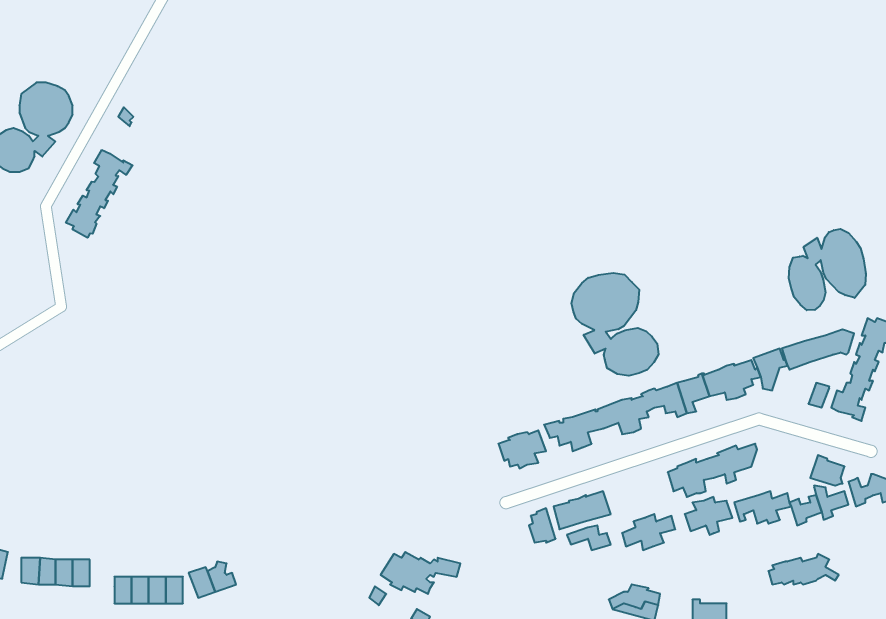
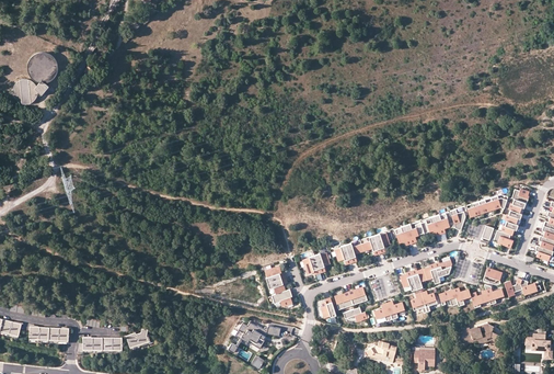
building: [66,150,133,238] -> none
building: [789,229,866,310] -> none
building: [571,273,659,376] -> none
building: none -> [265,267,293,306]

